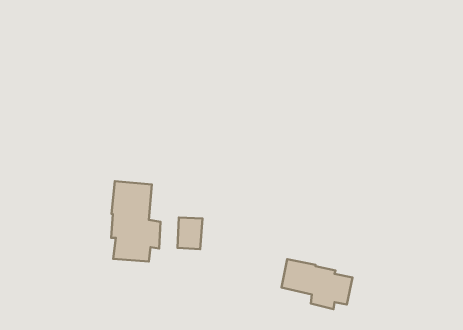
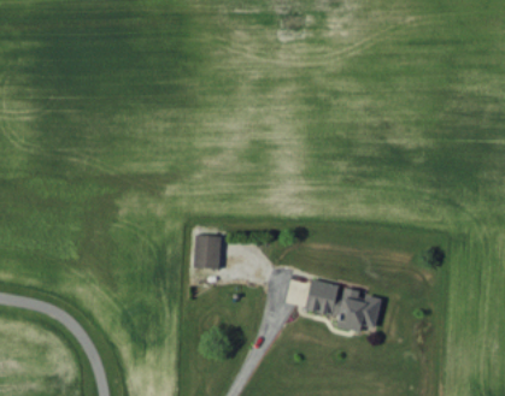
building: [111,181,161,262] -> none

